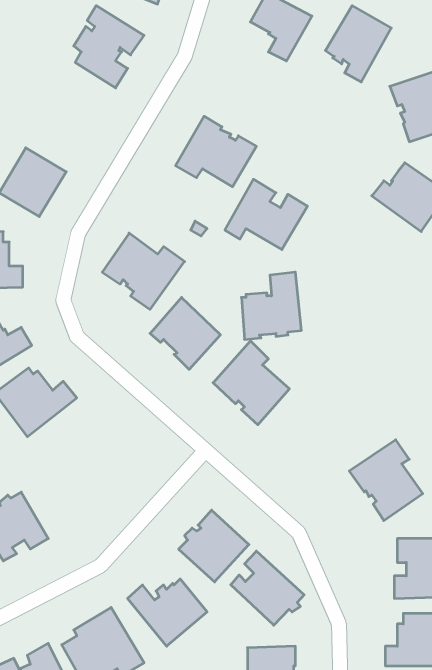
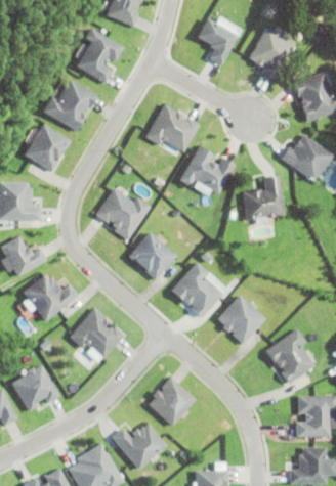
building: none -> [43,82,97,133]
building: [241,272,301,339] -> [243,177,284,223]
building: none -> [216,293,265,342]
building: none -> [69,309,125,362]
building: [231,551,304,625] -> none

